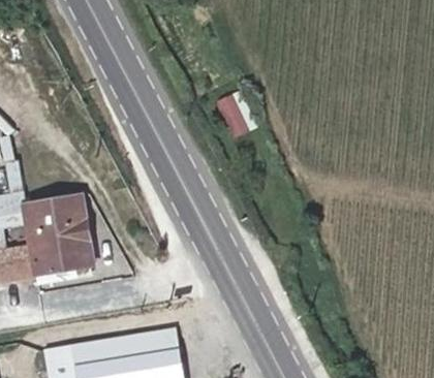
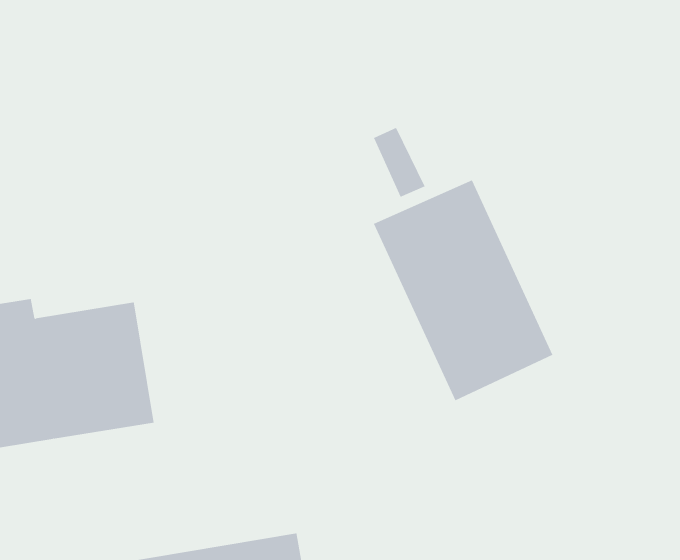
building: none -> [373,179,553,401]

